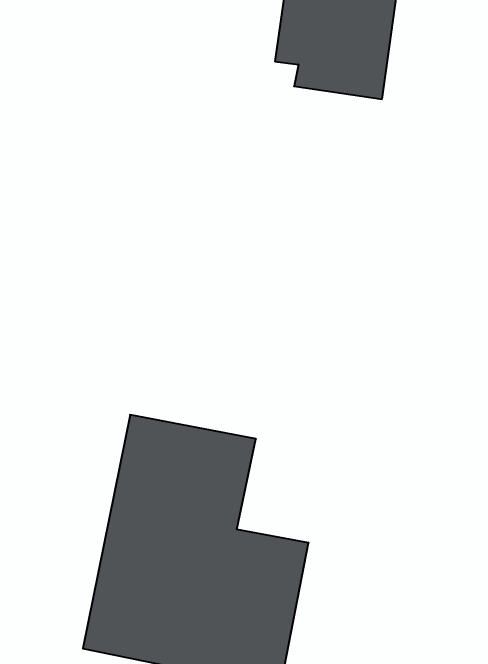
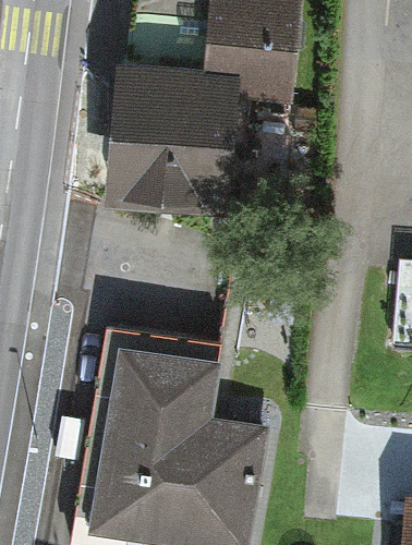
building: none -> [109,75,223,202]

